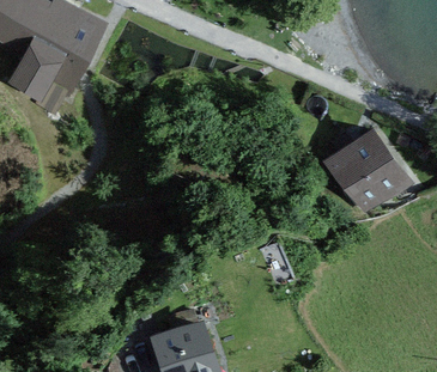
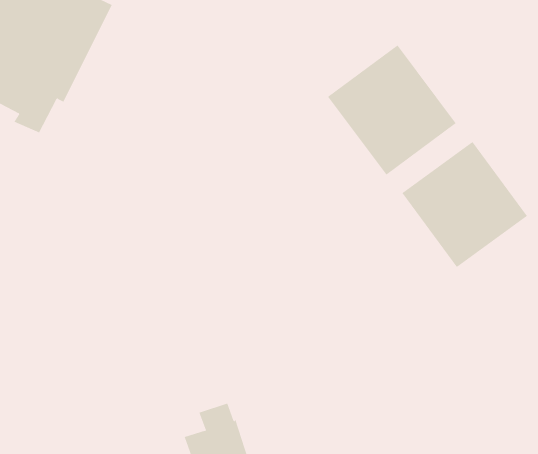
building: none -> [327,45,457,176]

